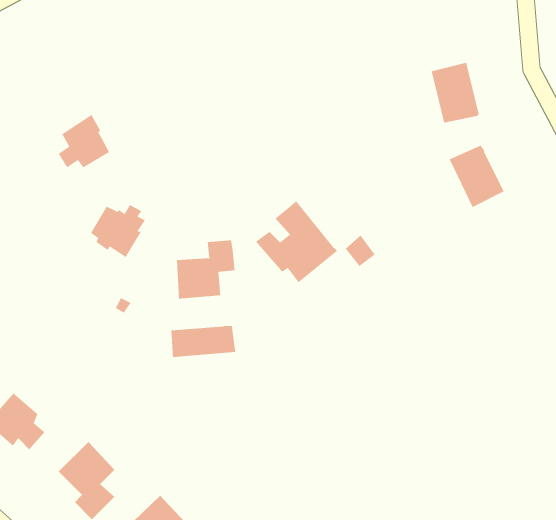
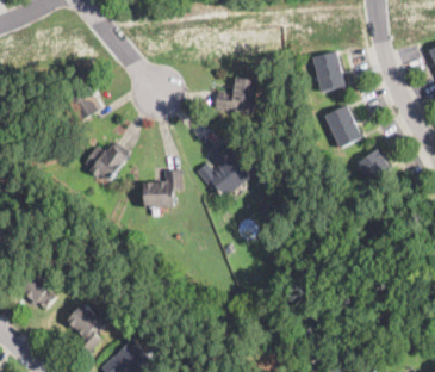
building: none -> [216,78,259,113]
building: none -> [358,149,391,182]
building: [171,325,236,358] -> none

